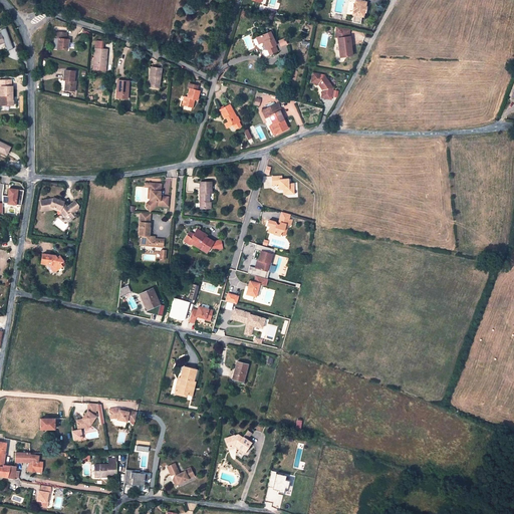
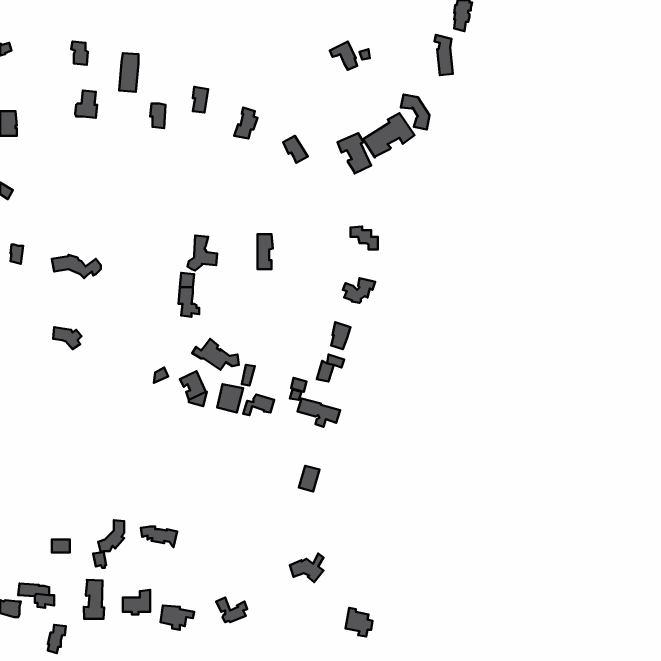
building: none -> [363,113,414,158]
building: [184,229,220,253] -> [192,339,239,370]
building: [175,366,197,395] -> none
building: none -> [84,580,104,619]

